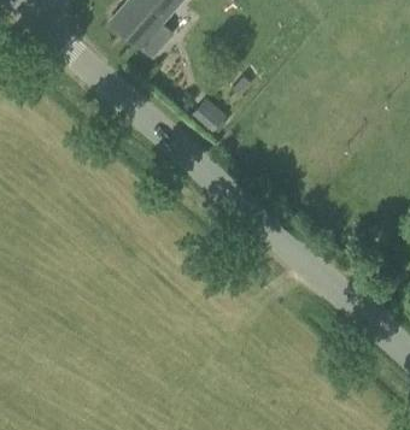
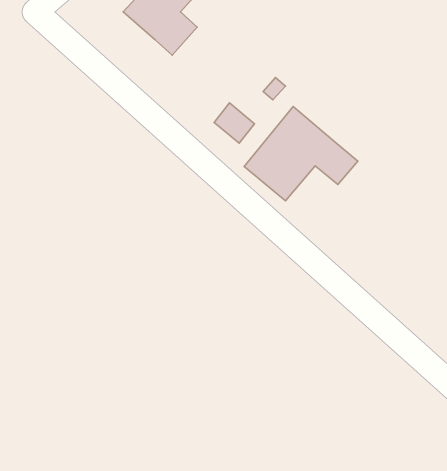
building: none -> [244,106,358,201]

